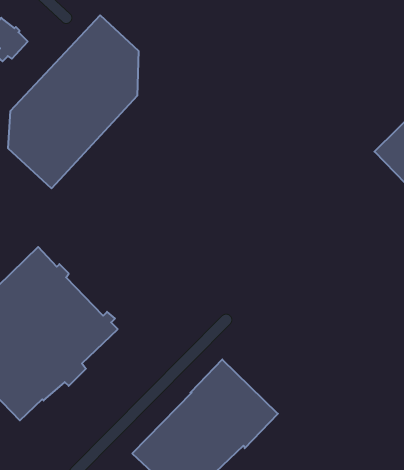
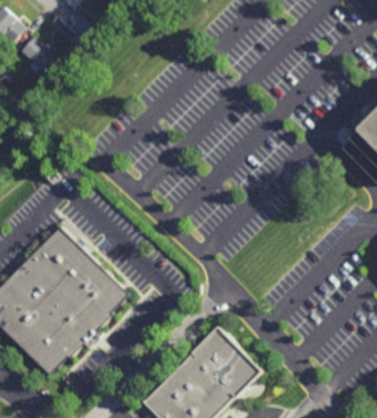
building: [8,15,138,188] -> none

